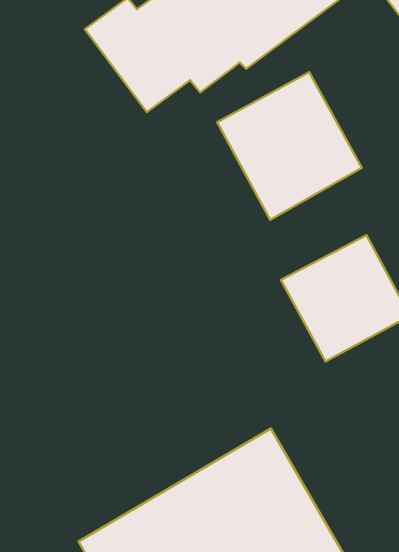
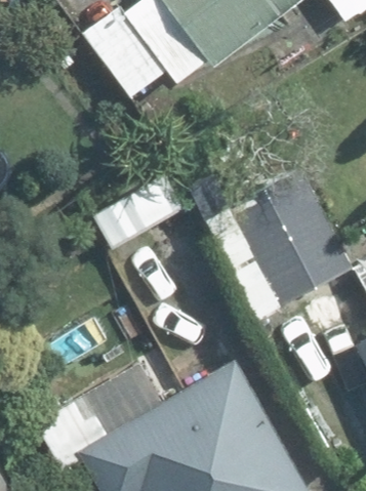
building: [217,72,362,220] -> none

